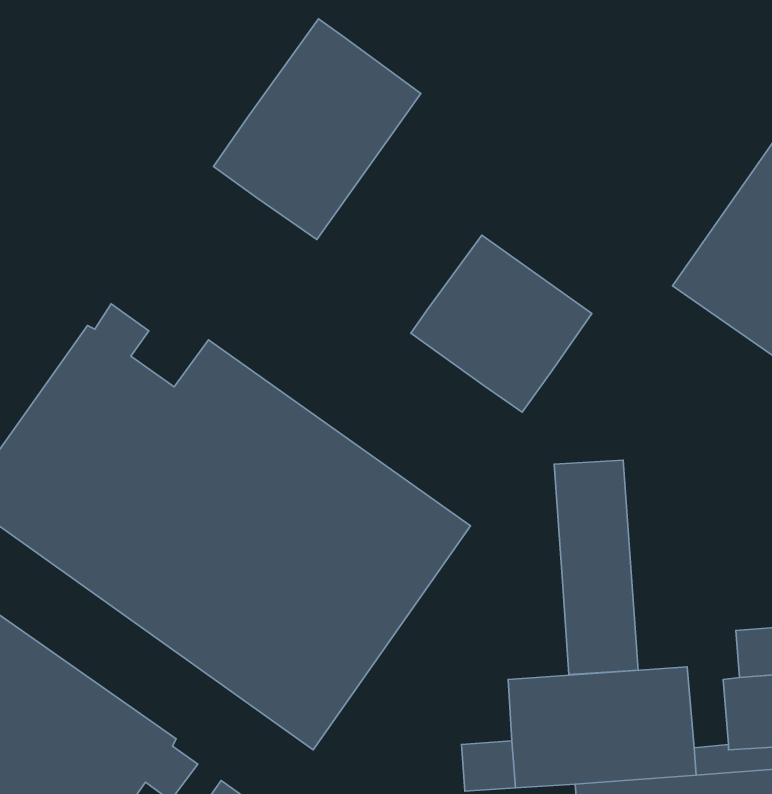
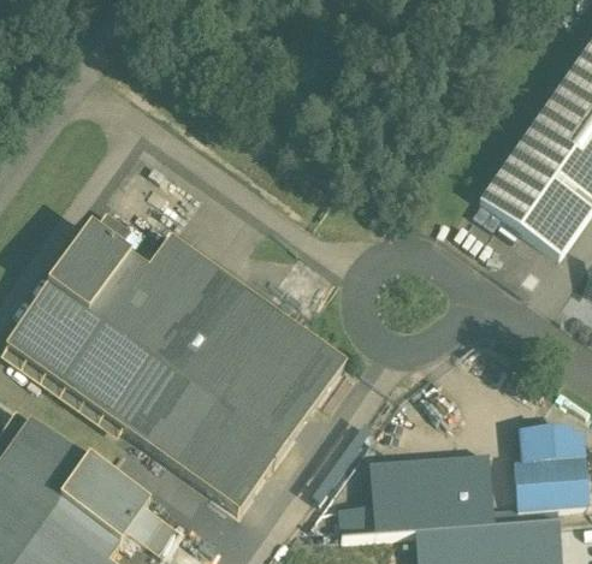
building: [213,19,421,240] -> none
building: [411,235,592,412] -> none
building: [554,460,638,674] -> none

